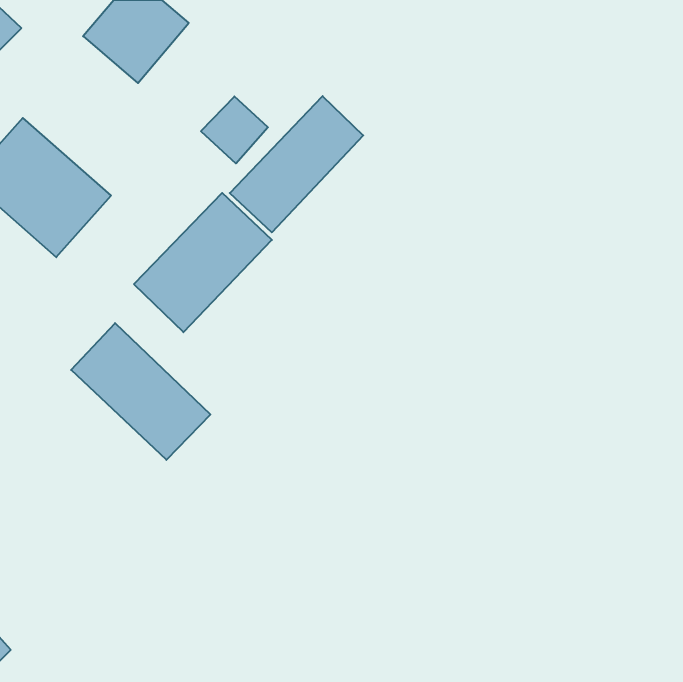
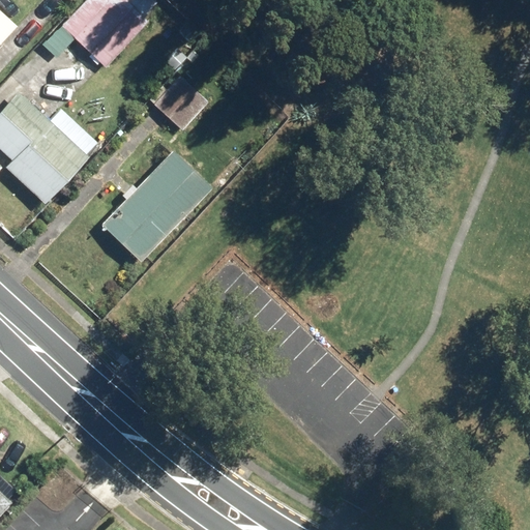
building: [230,96,363,232] -> none
building: [71,323,210,460] -> none

